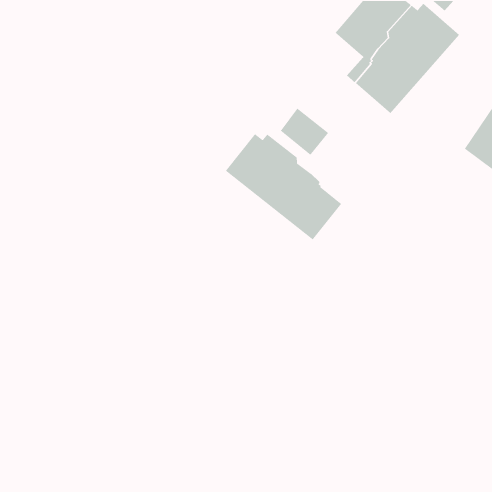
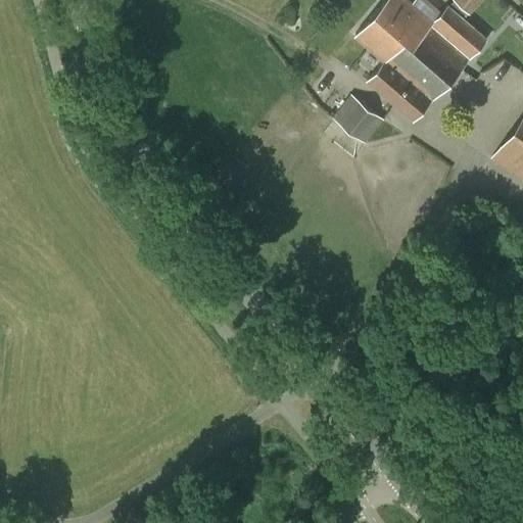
building: [280,108,329,156] -> [334,94,386,145]
building: [225,133,342,240] -> none

